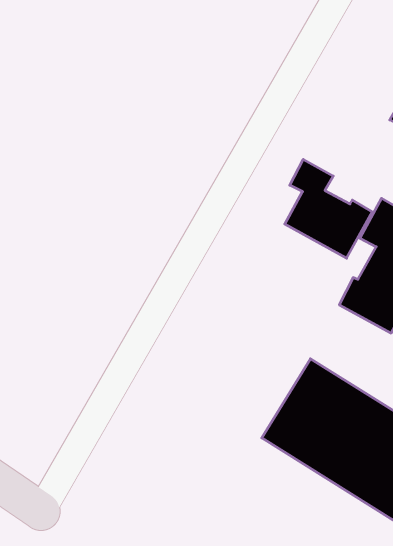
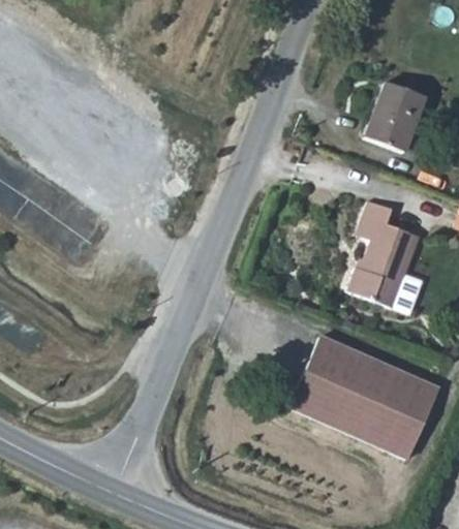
building: [285,159,372,258] -> none

